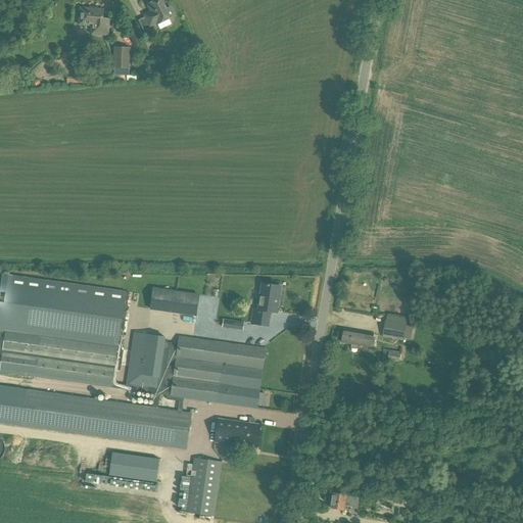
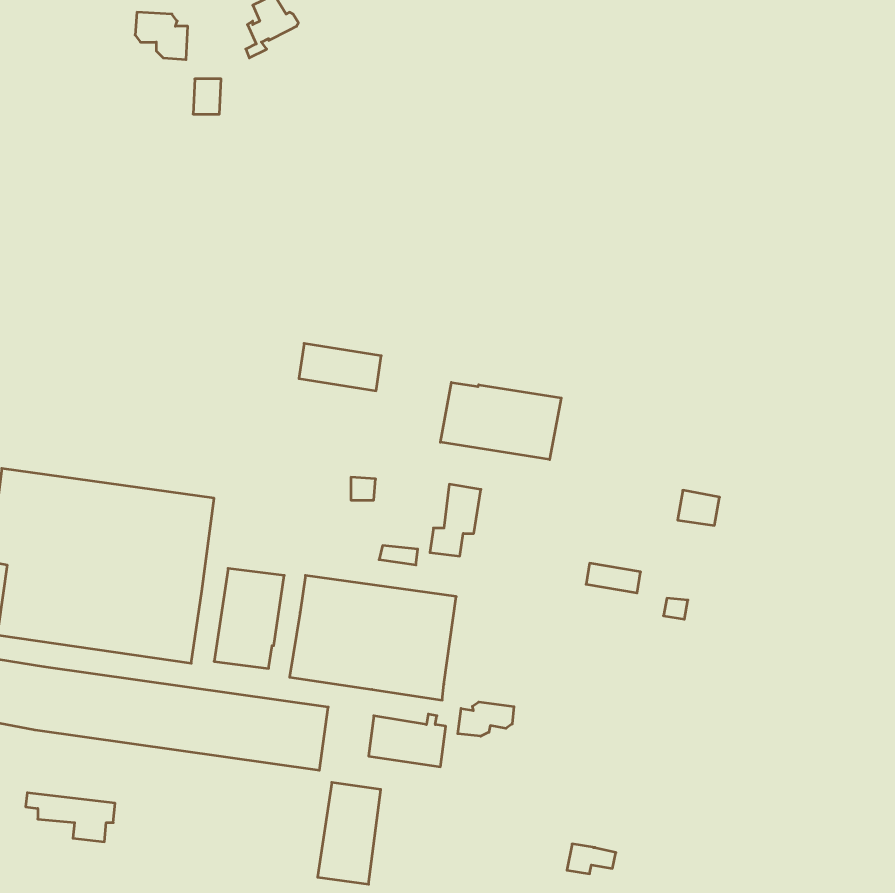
building: none -> [440,382,561,460]
building: [150,287,198,315] -> [299,343,381,391]
building: [381,318,406,338] -> [678,490,720,525]
building: none -> [458,702,514,736]
building: [109,448,161,477] -> [26,793,115,842]

